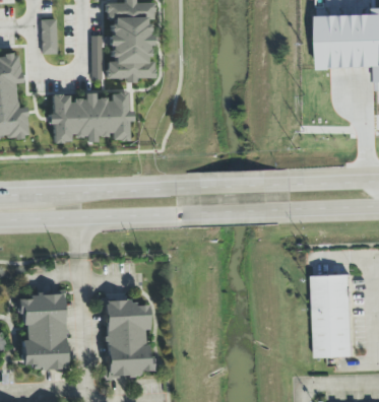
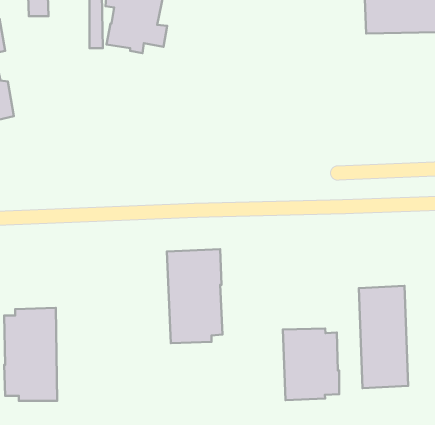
building: [46,90,132,144] -> none
building: [102,299,147,377] -> [167,249,223,343]
building: none -> [283,328,339,400]

